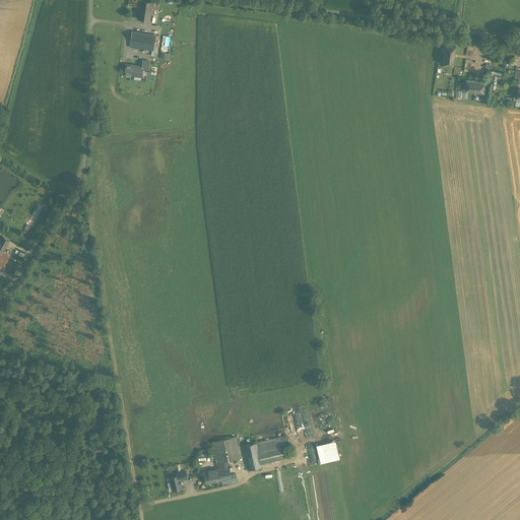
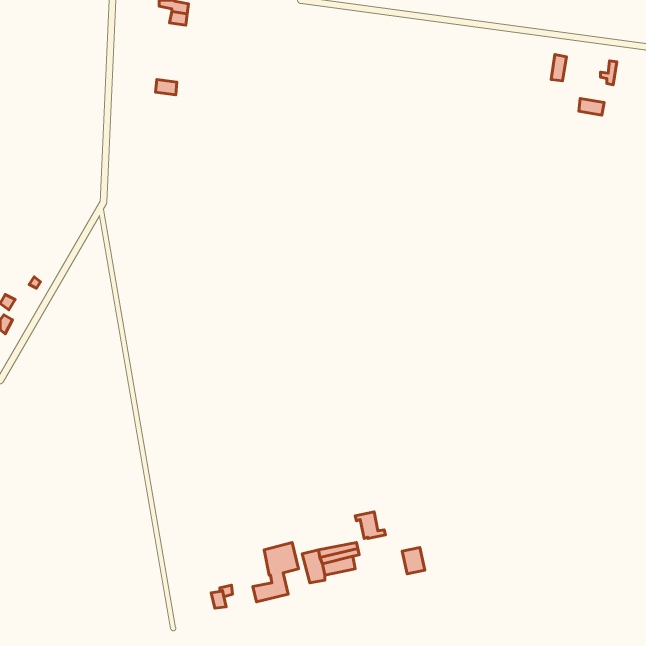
building: [129,30,155,50] -> none

